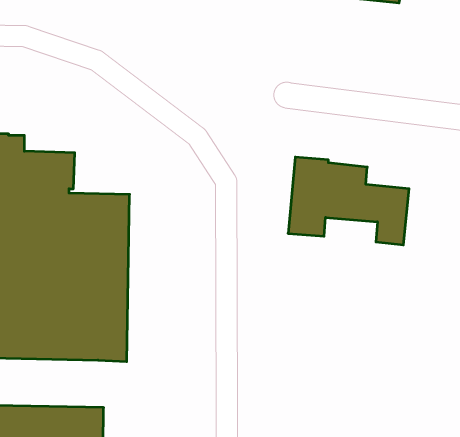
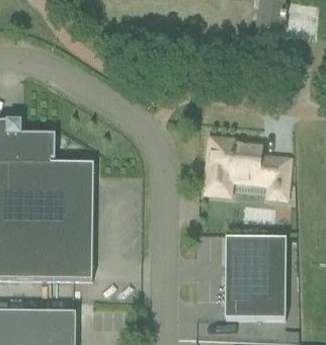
building: none -> [224,235,286,317]

